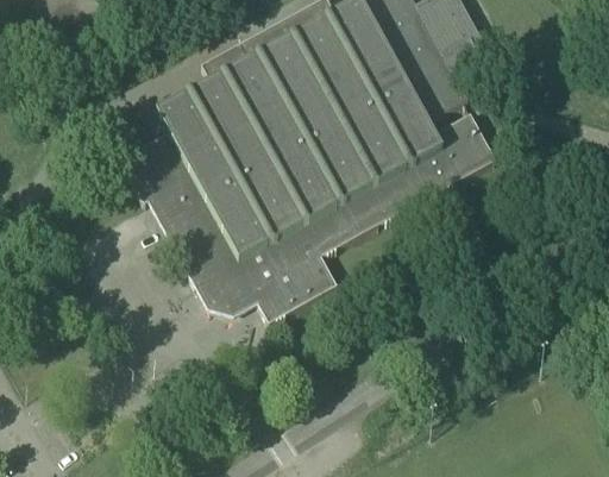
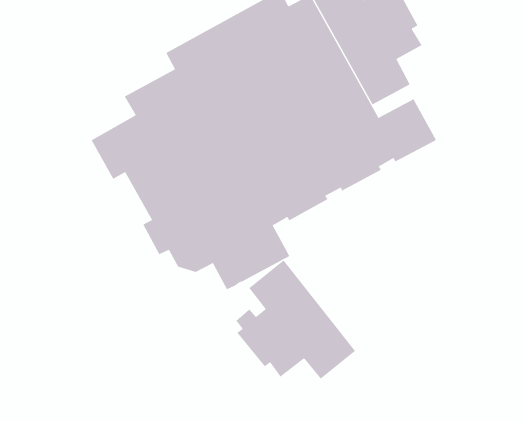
building: none -> [235,260,356,379]

